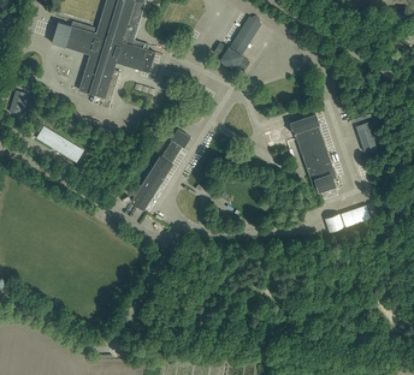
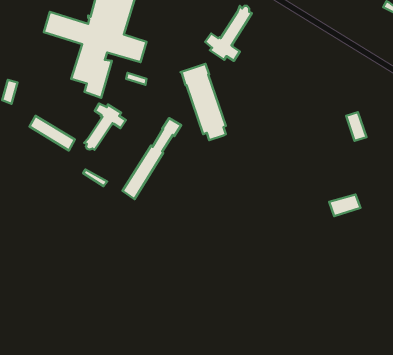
building: none -> [84,103,126,150]
building: [290,114,336,191] -> [181,64,226,140]

